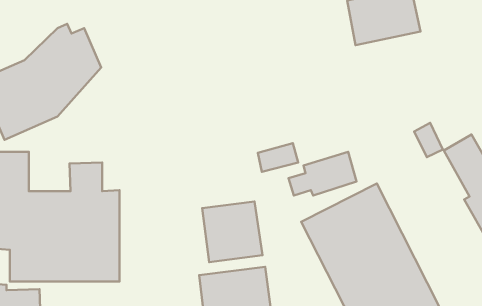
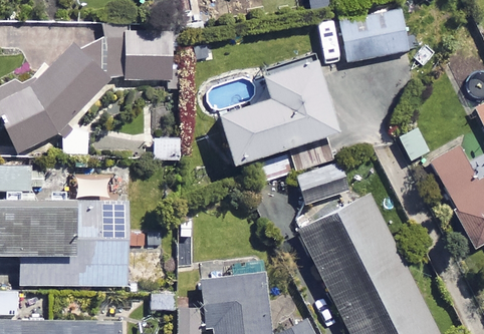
building: none -> [109,32,168,81]
building: none -> [213,61,330,164]
building: [202,202,262,262] -> none

